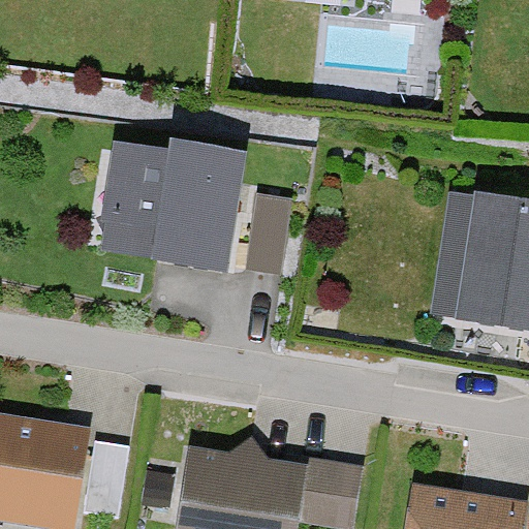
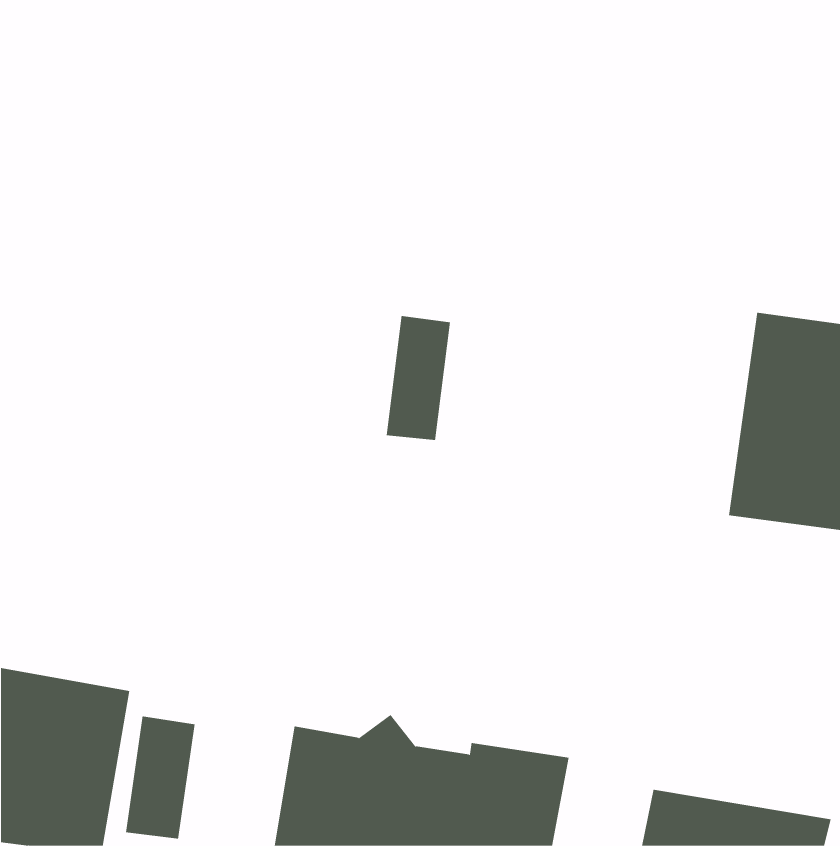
building: [93,138,245,270] -> none

